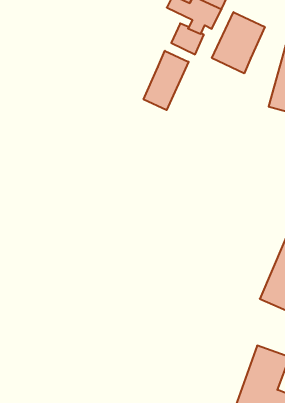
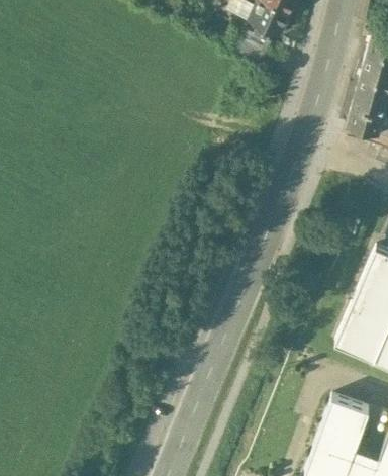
building: [212,12,265,73] -> none
building: [144,51,189,110] -> none

